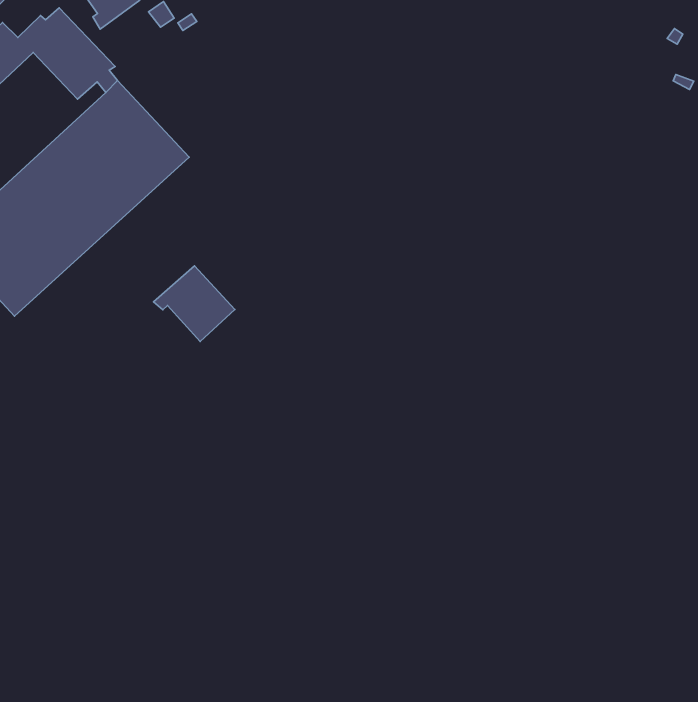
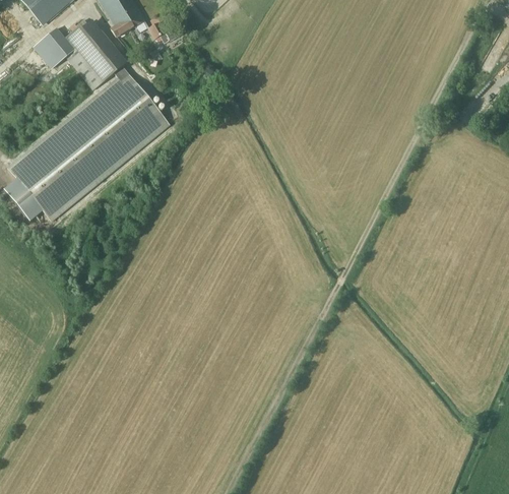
building: [154,266,235,342] -> none

